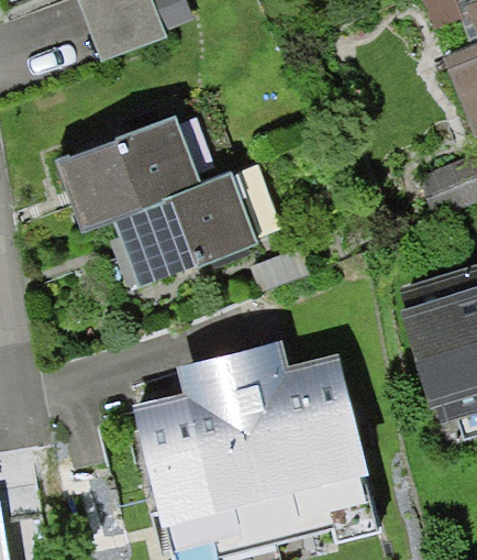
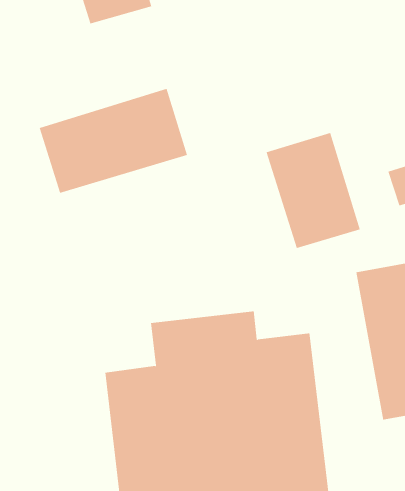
building: none -> [266,132,360,249]
building: [117,169,270,285] -> none

